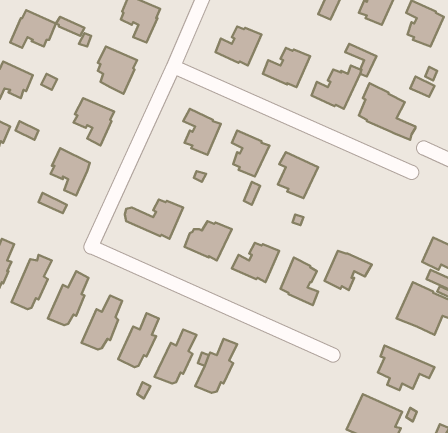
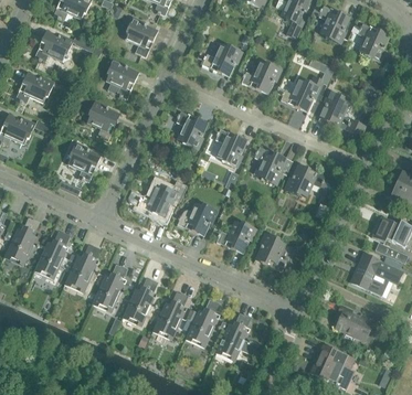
building: [324,251,372,290] -> [286,166,325,198]
building: none -> [216,312,256,357]

